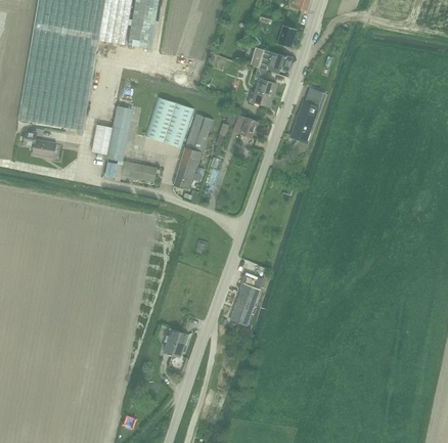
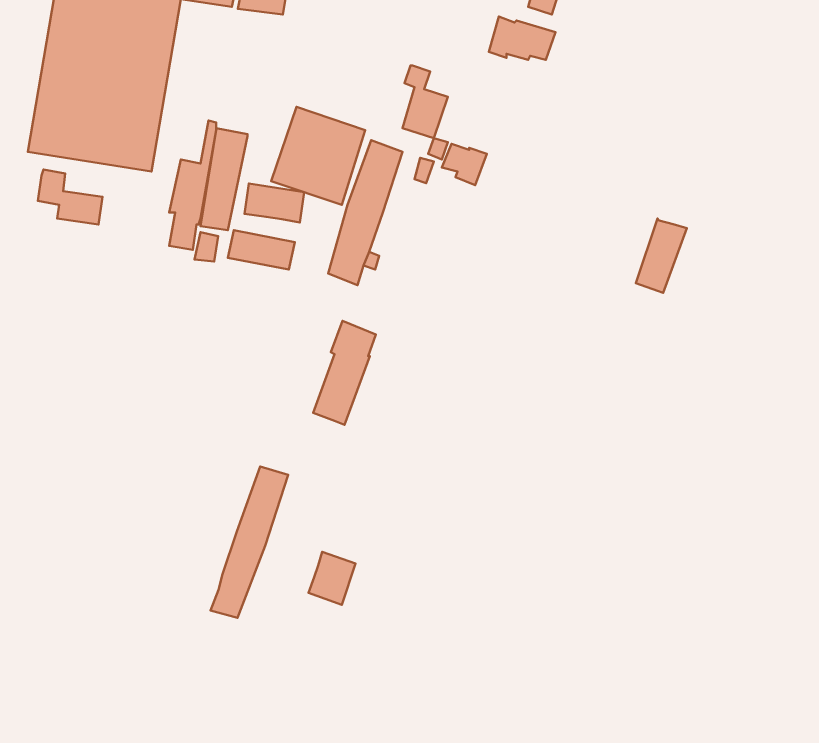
building: [253,68,276,105] -> [403,66,448,138]
building: [292,101,318,140] -> [636,218,687,293]
building: none -> [245,183,304,223]
building: [230,271,263,325] -> [313,321,376,425]
building: none -> [211,466,288,618]

